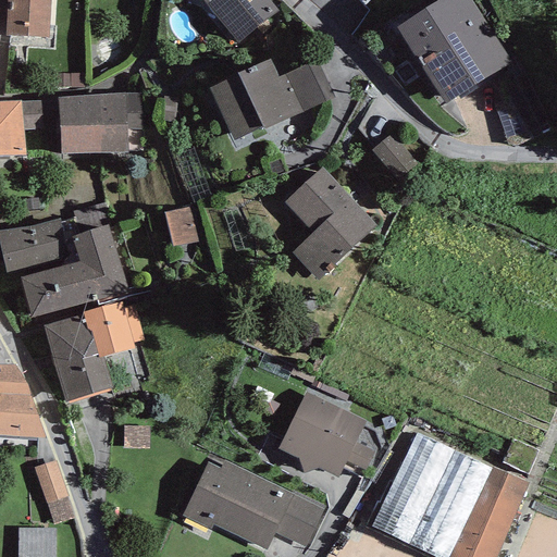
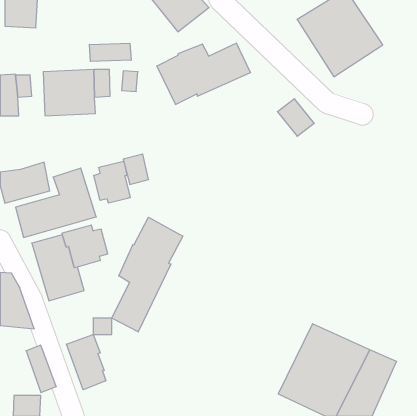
building: none -> [89,43,131,61]
building: [284,165,376,280] -> none
building: none -> [94,161,130,203]
building: none -> [112,217,183,332]
building: [276,391,374,476] -> none
building: none -> [66,334,106,390]
building: [182,460,324,549] -> none

